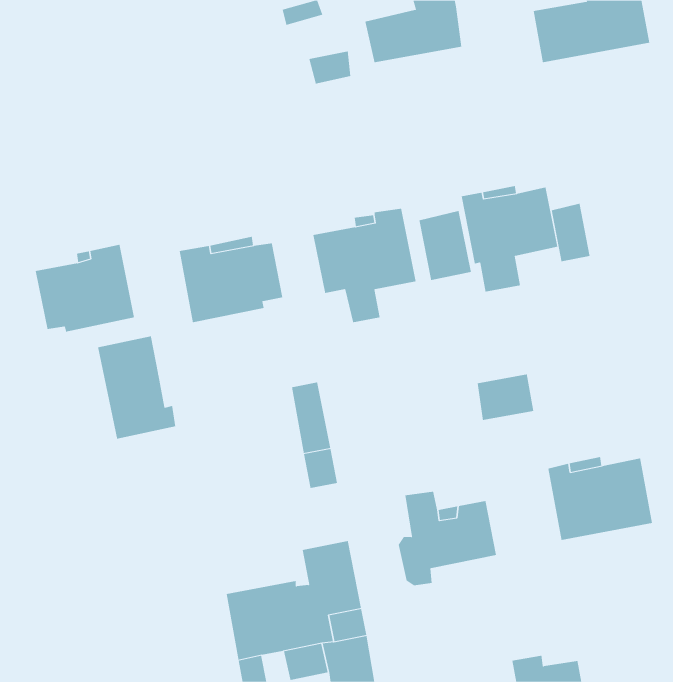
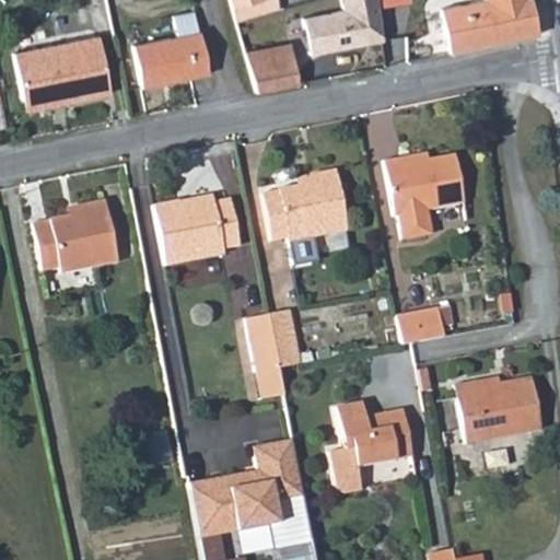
building: none -> [137,11,210,86]
building: none -> [20,36,113,108]
building: none -> [248,48,301,92]
building: [551,203,590,262] -> none
building: [419,210,471,281] -> none
building: [98,336,176,439] -> none
building: none -> [268,308,303,368]

